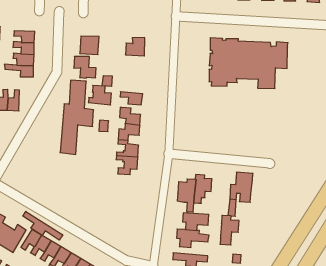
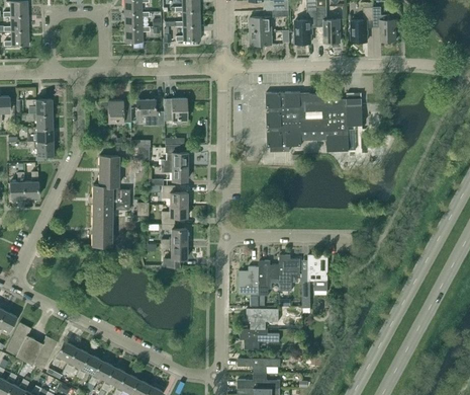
building: [74,57,96,78] -> [136,99,164,126]
building: [88,85,111,105] -> [161,145,188,167]
building: [23,211,63,240] -> none
building: [220,215,239,245] -> [279,255,300,291]

